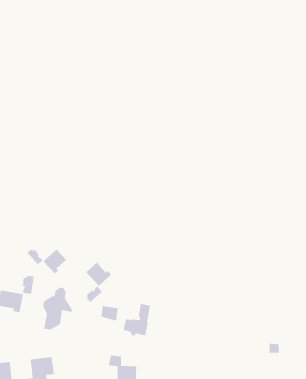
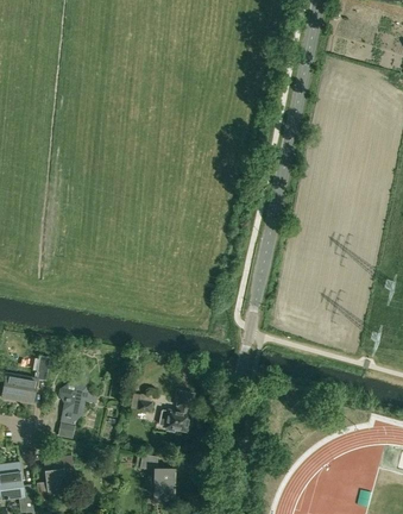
building: [26,249,67,274] -> none
building: [86,262,112,303] -> none

